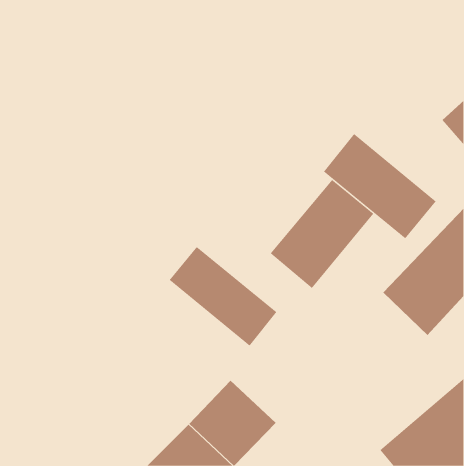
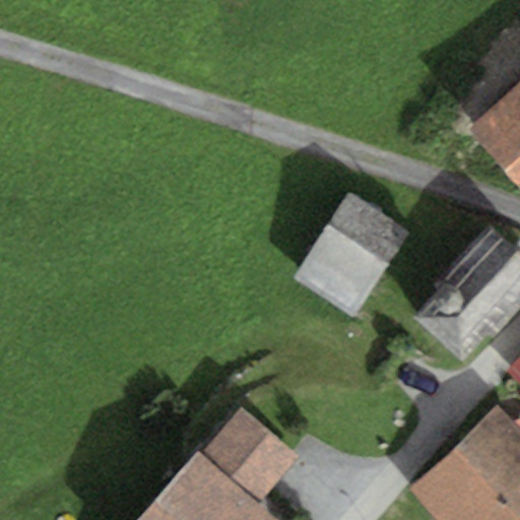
building: [323,133,437,239] -> none
building: [169,246,277,347] -> none

